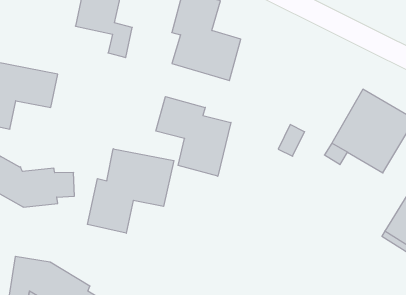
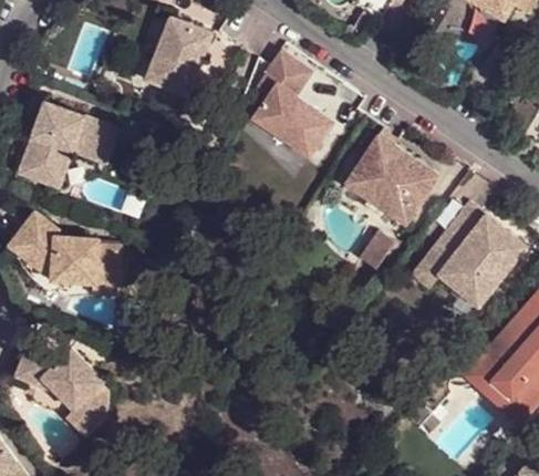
building: none -> [345,131,438,224]
building: [156,97,231,176] -> none
building: [87,149,174,233] -> none

